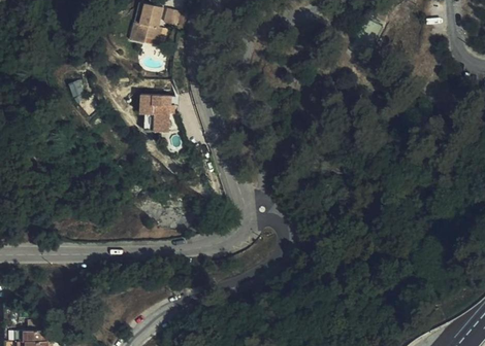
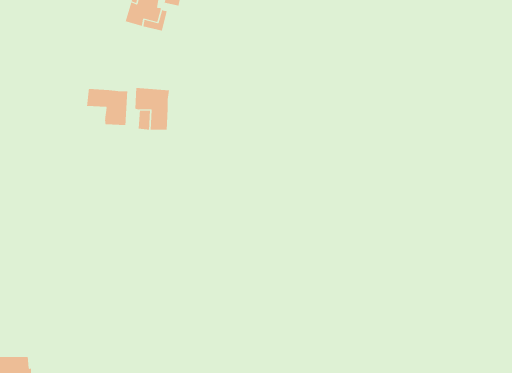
building: none -> [86,88,128,126]

